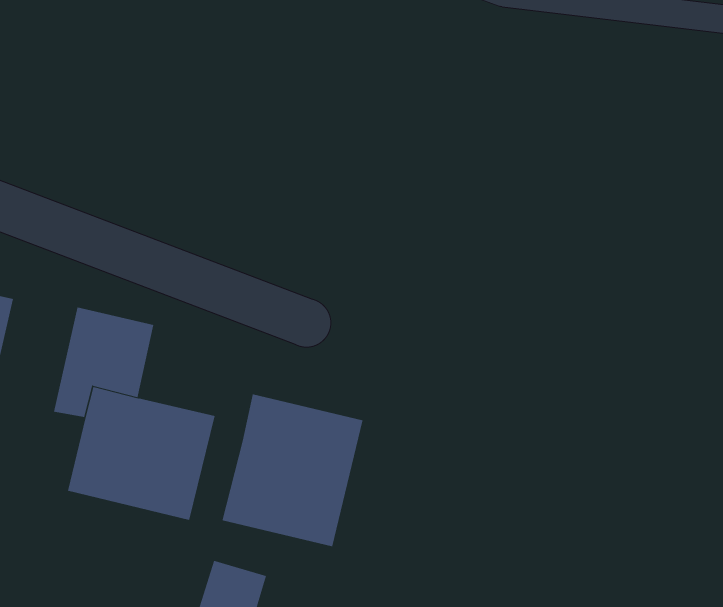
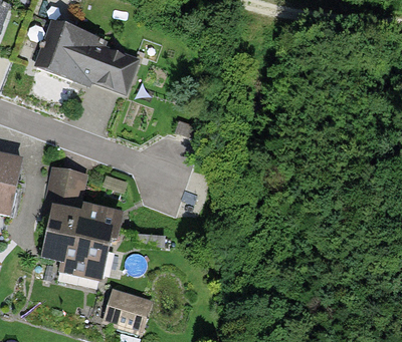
building: none -> [35,26,137,89]
building: [222,394,363,547] -> none

